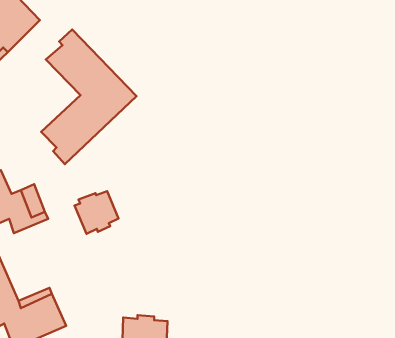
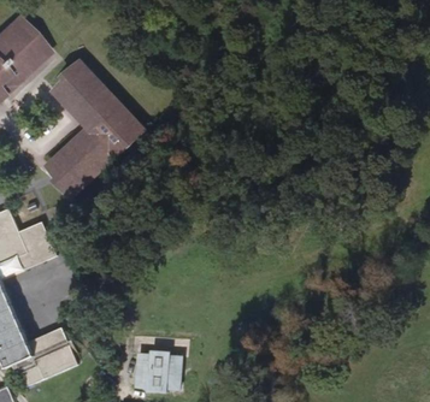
building: [75,191,118,234] -> none

